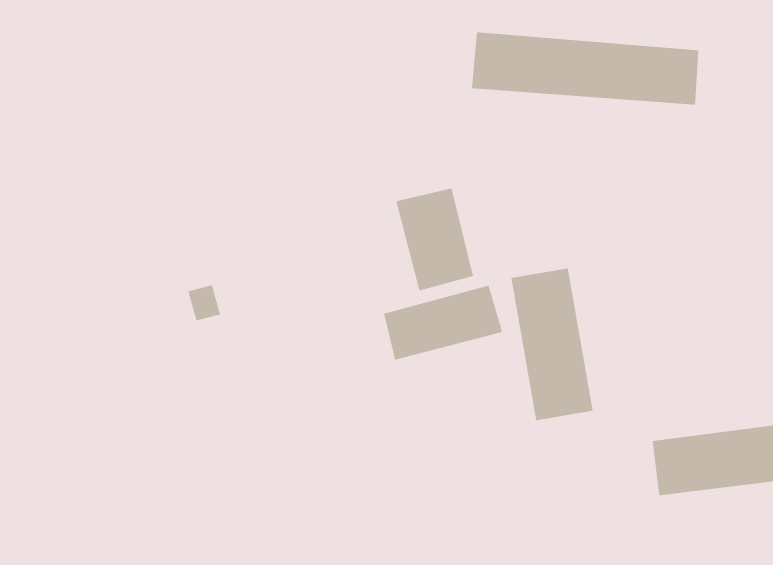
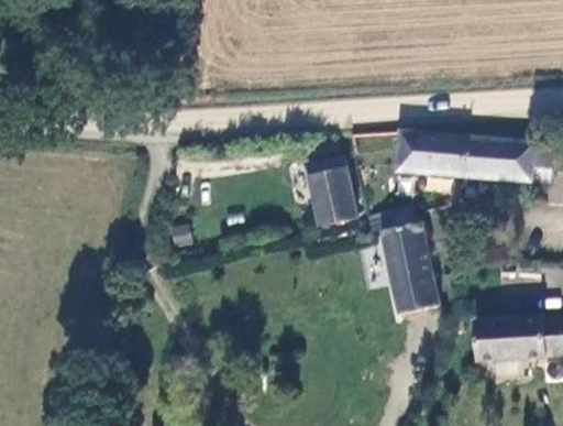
building: [471,32,699,105] -> [397,134,548,183]
building: [384,285,503,360] -> none

